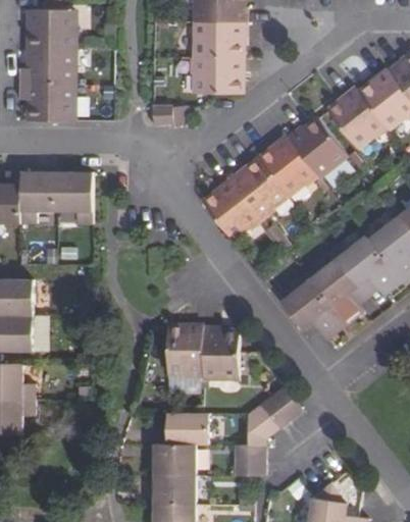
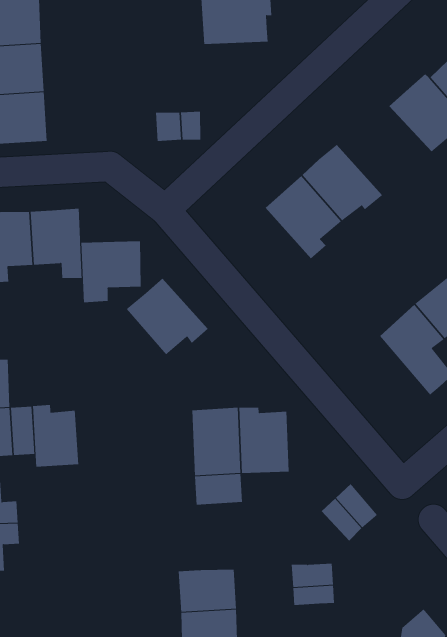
building: [190,57,241,94] -> none
building: [287,119,346,176] -> none
building: [202,180,262,238] -> [126,278,209,355]
building: none -> [81,241,141,303]
building: [280,280,344,341] -> none
building: none -> [32,404,79,467]
building: [246,407,277,446] -> none
building: [166,414,207,446] -> none

